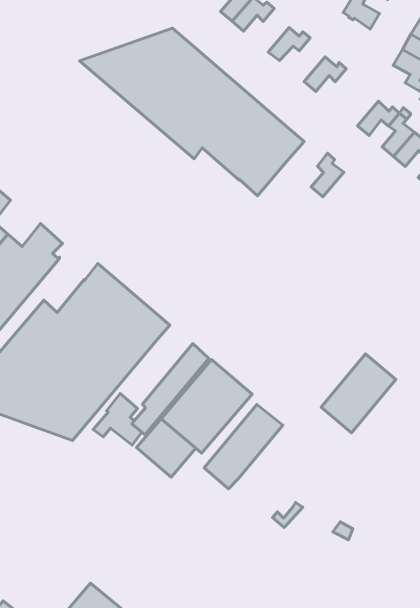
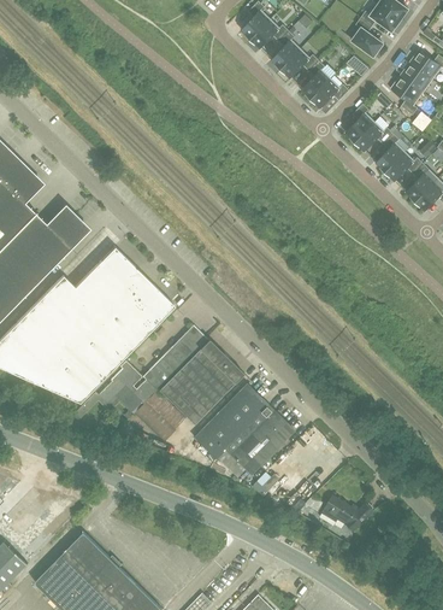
building: none -> [271,31,301,70]
building: [80,28,304,196] -> none
building: none -> [301,60,331,99]
building: [311,153,344,197] -> [345,104,376,142]
building: [321,354,396,433] -> [224,405,293,475]
building: none -> [323,495,373,532]

